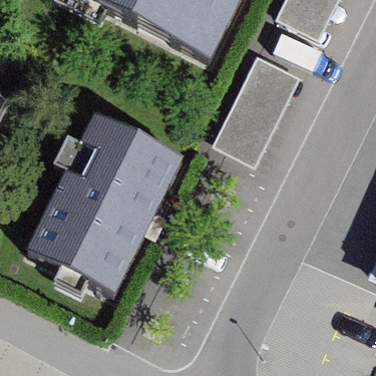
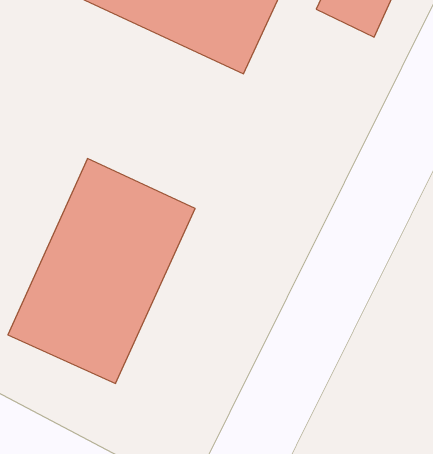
building: [215,43,294,156] -> none

